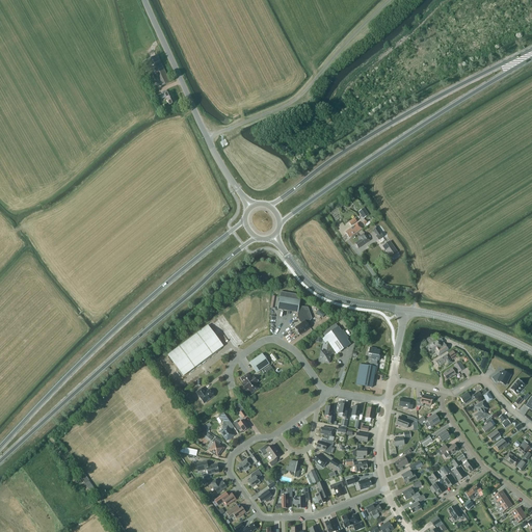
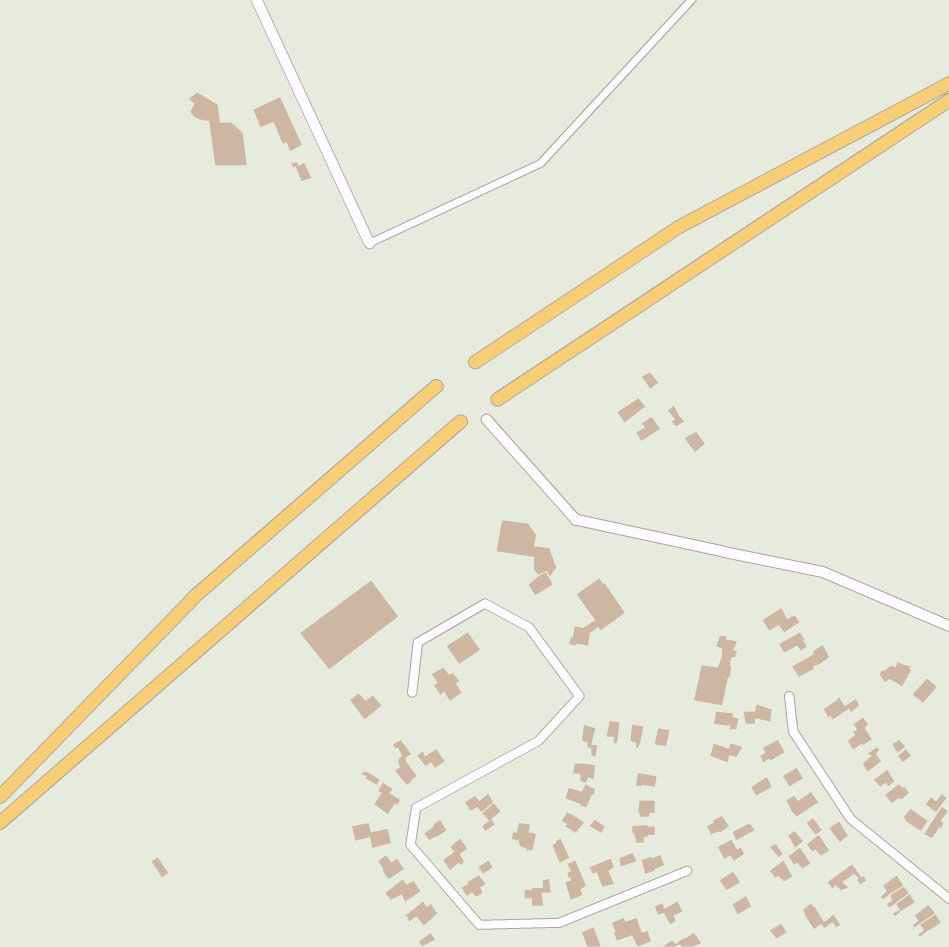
building: none -> [188,92,247,166]
building: [355,347,380,387] -> [693,635,738,706]

